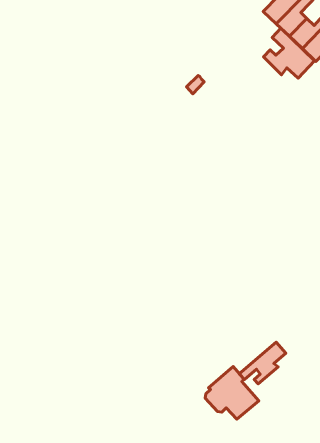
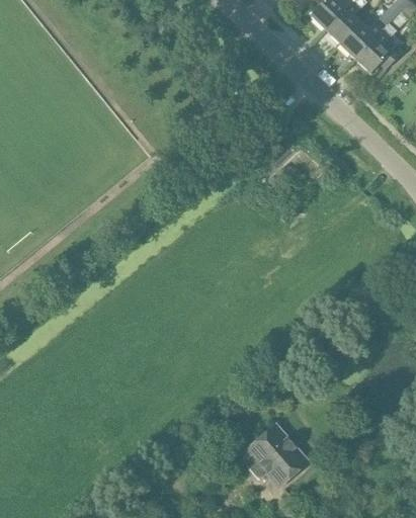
building: [264,28,315,78] -> none
building: [239,342,286,384] -> none

